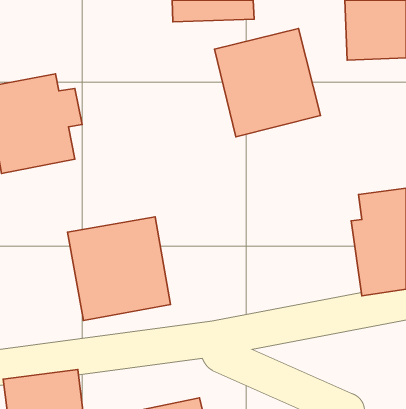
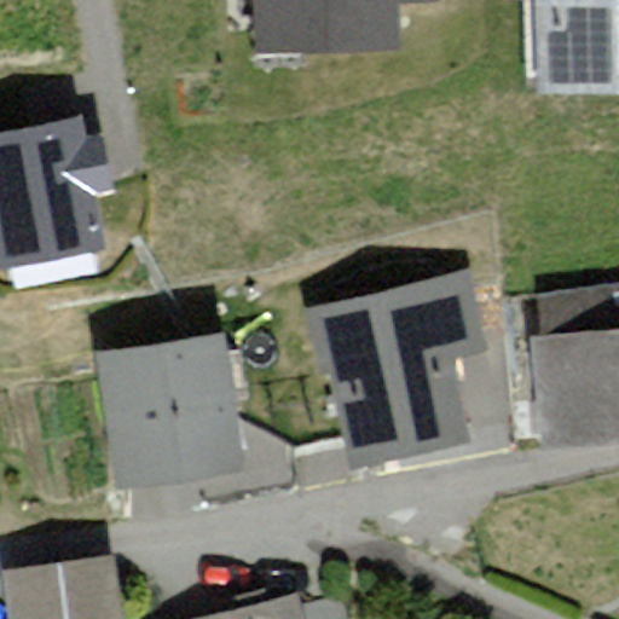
building: [214,29,321,137] -> none
building: none -> [287,272,485,496]

